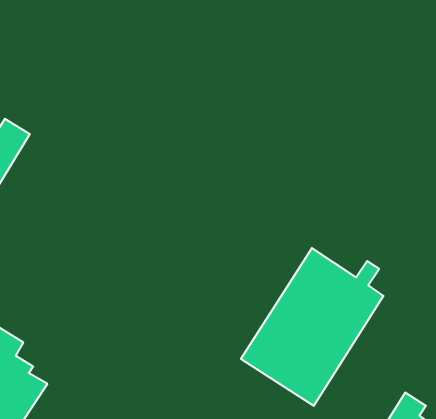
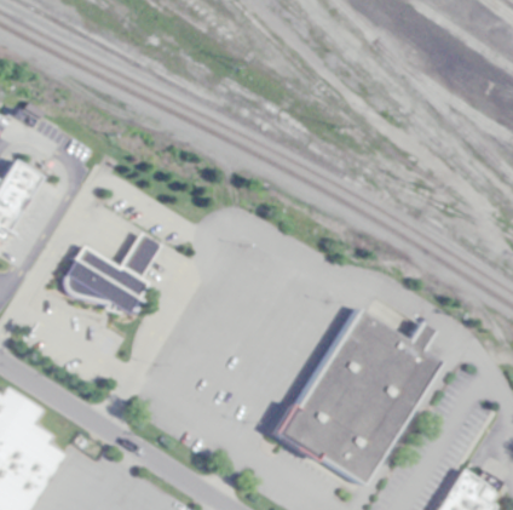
building: none -> [64,235,160,316]

